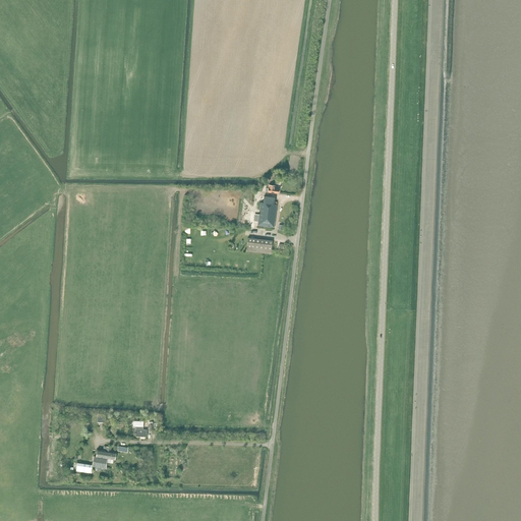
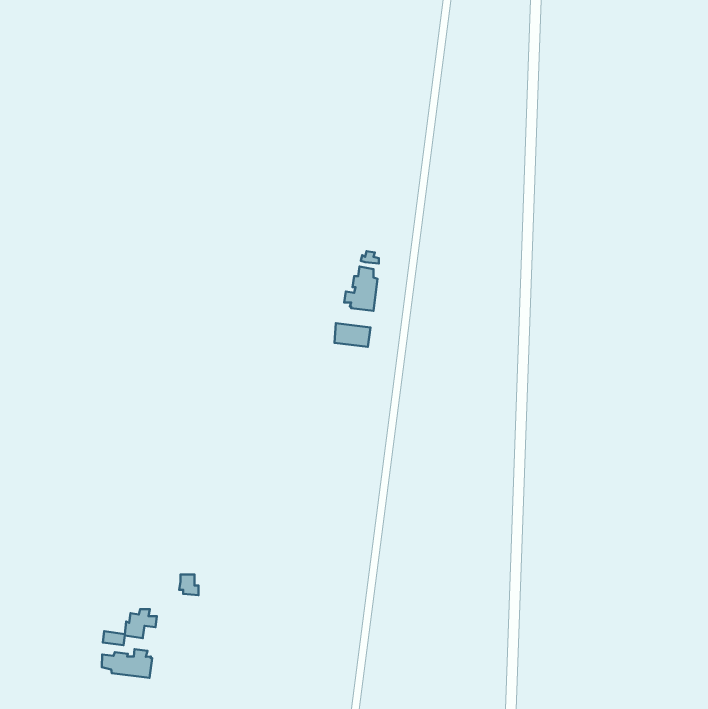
building: none -> [102,649,152,678]

